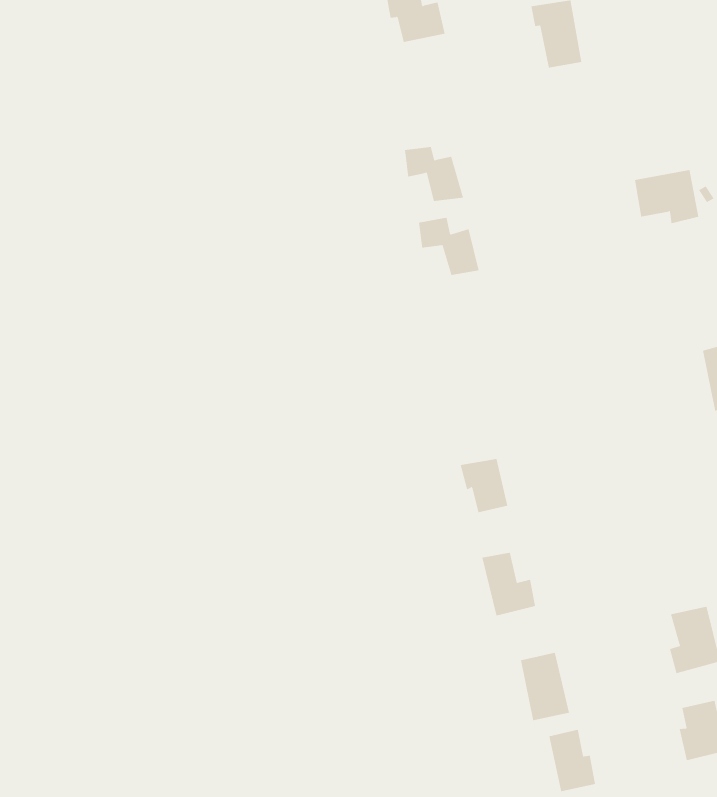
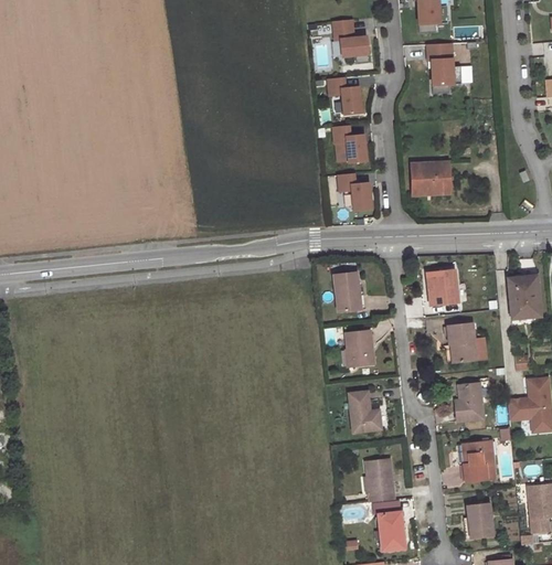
building: none -> [327,79,363,116]
building: [634,169,699,224] -> [411,162,449,195]
building: none -> [429,270,458,306]
building: none -> [333,271,364,311]
building: none -> [447,324,486,361]
building: none -> [455,383,482,420]

